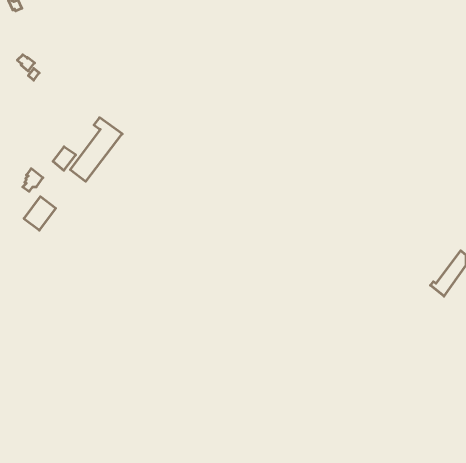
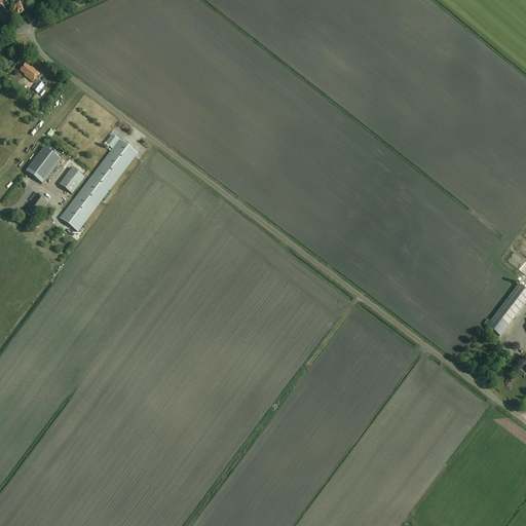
building: none -> [26,144,61,181]
building: [24,197,56,230] -> [61,191,97,229]

